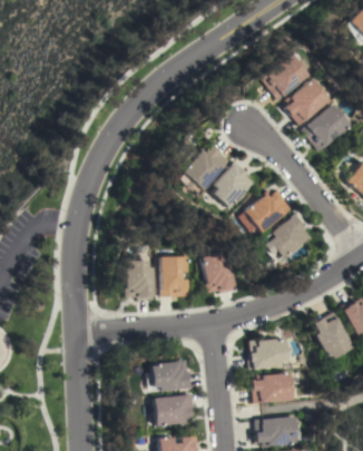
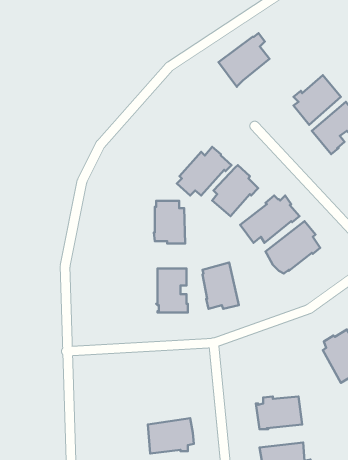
building: [262,51,308,100] -> [219,33,270,87]
building: [126,261,155,300] -> [154,201,185,243]
building: [248,337,288,370] -> none
building: [146,360,192,391] -> none

